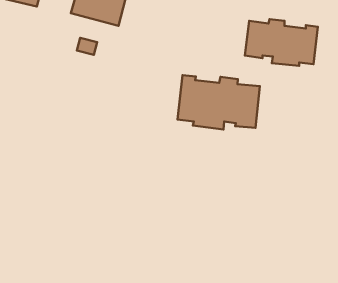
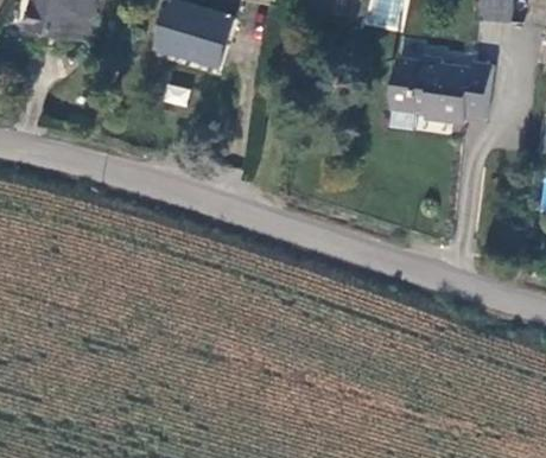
building: [177,75,260,130] -> none

